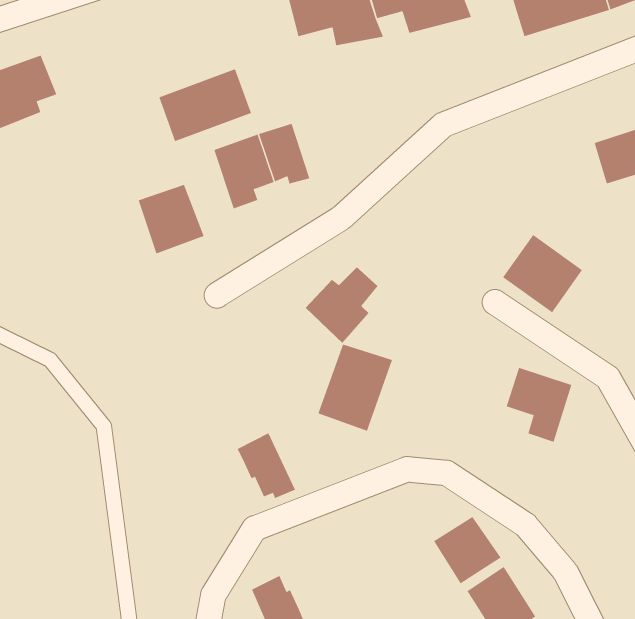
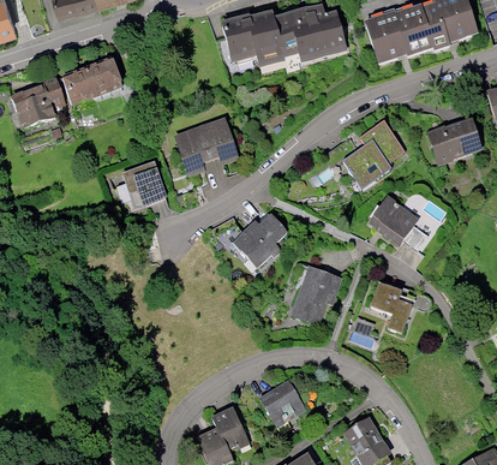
building: [158,68,252,142] -> [62,54,125,103]
building: none -> [341,123,405,189]
building: [317,344,393,432] -> [291,269,341,328]
building: [237,433,296,499] -> [212,404,252,448]
building: [433,516,501,584] -> [259,383,305,429]

